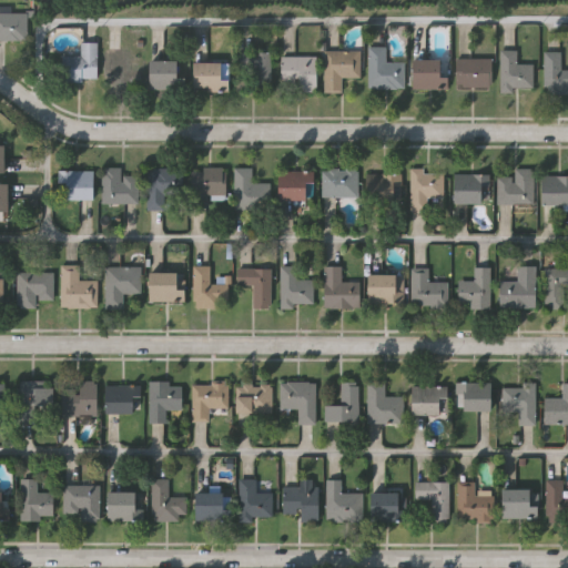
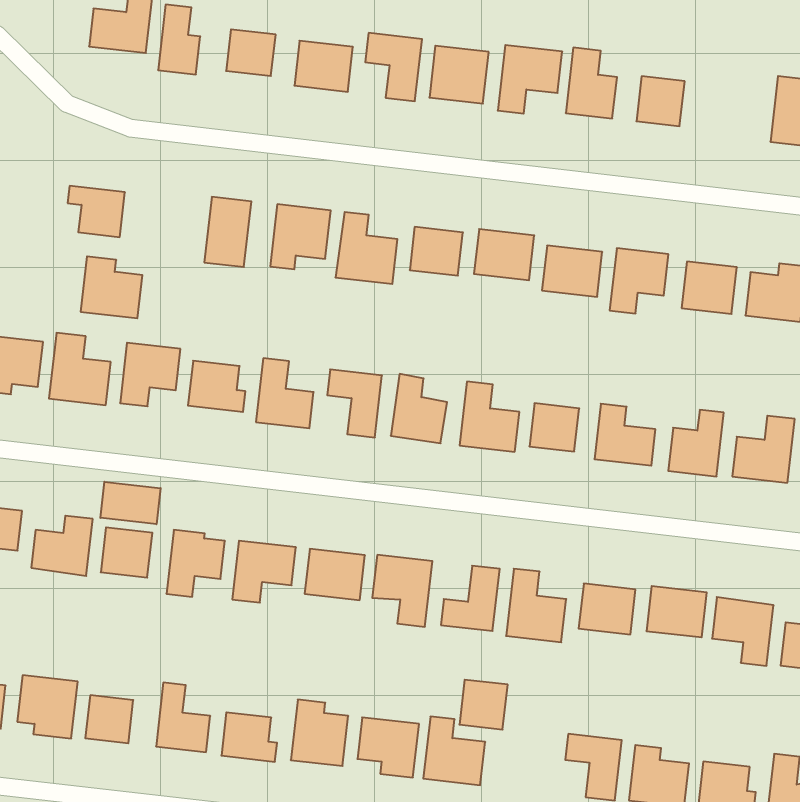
building: [456,59,493,87] -> none
building: [103,168,140,203] -> [81,256,142,318]
building: none -> [100,482,161,524]
building: [372,494,399,523] -> [459,680,508,730]

